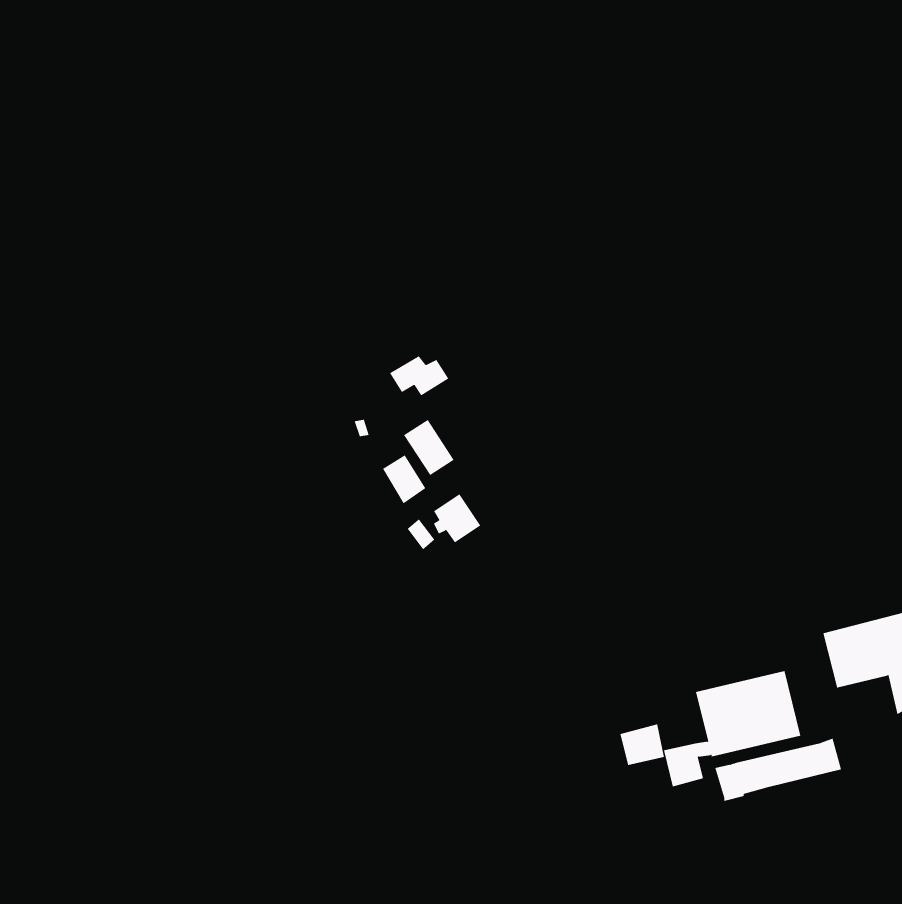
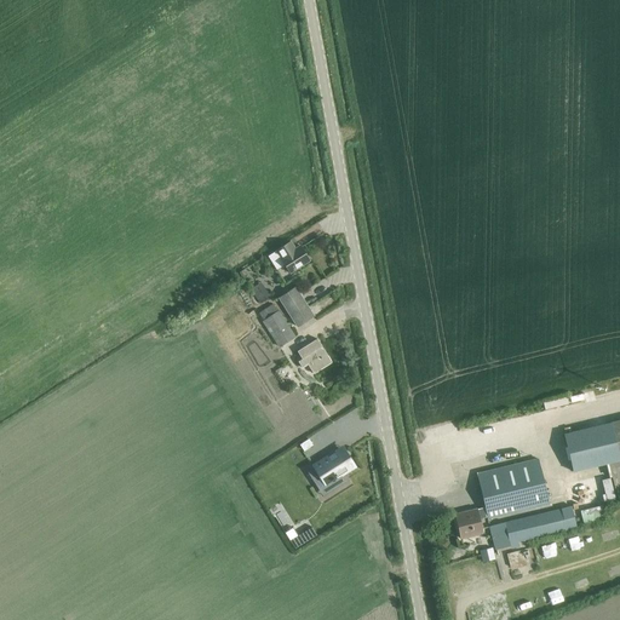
building: none -> [308,450,355,484]
building: [620,724,664,766] -> none

